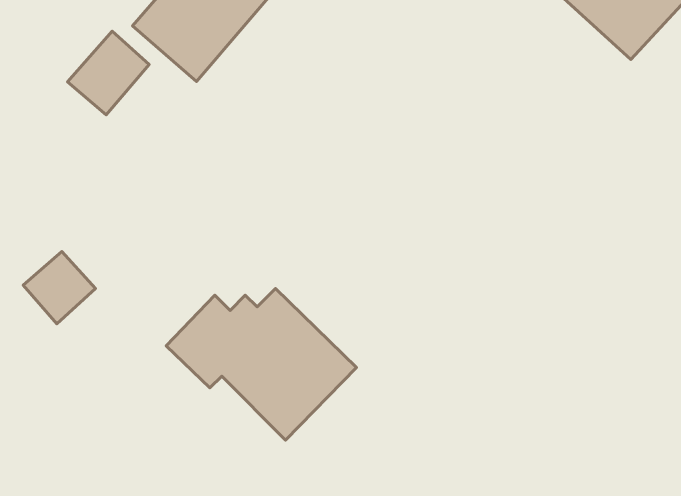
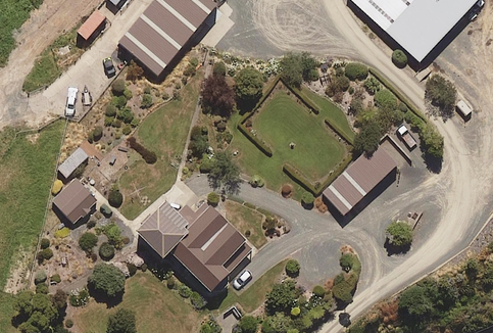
building: [67,31,149,115] -> none
building: none -> [321,131,409,215]

